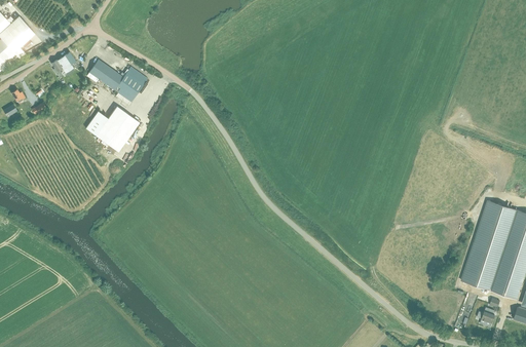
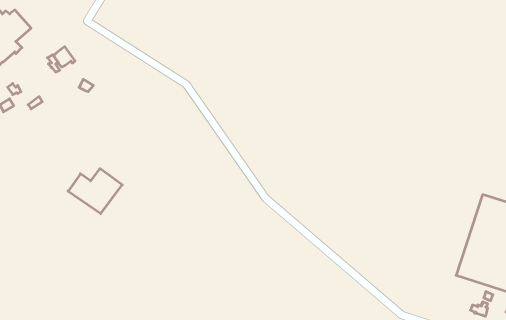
building: [85,59,147,105] -> none
building: [84,106,139,151] -> [68,169,122,214]

